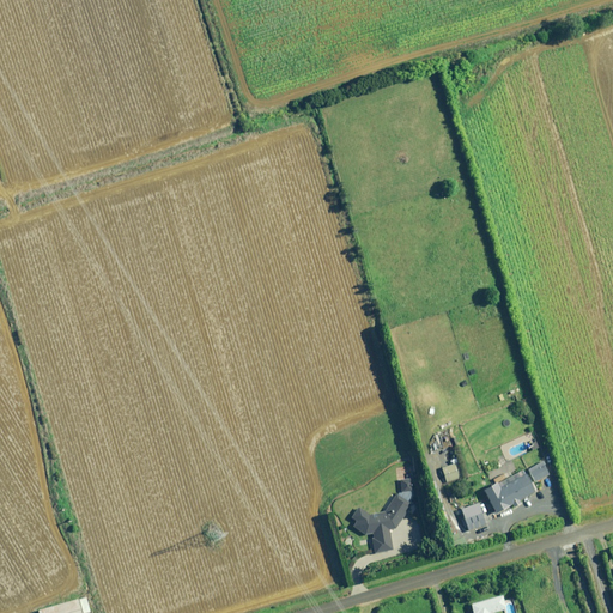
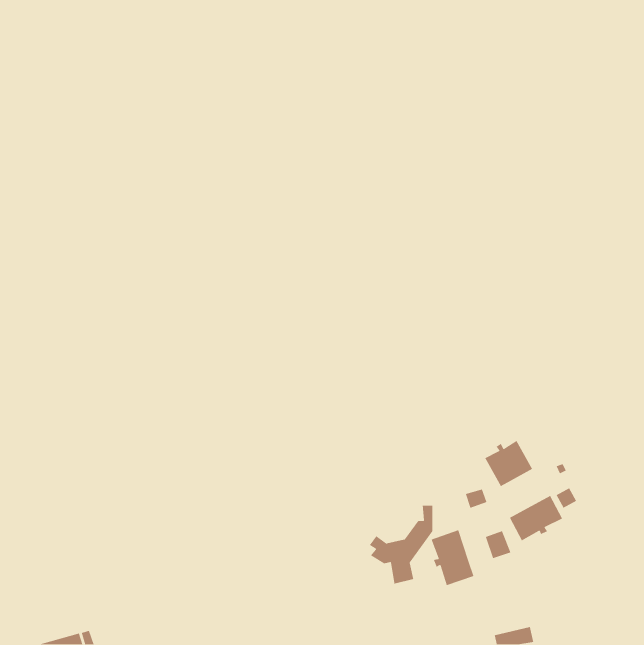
building: none -> [484,440,533,487]
building: none -> [431,529,475,586]

